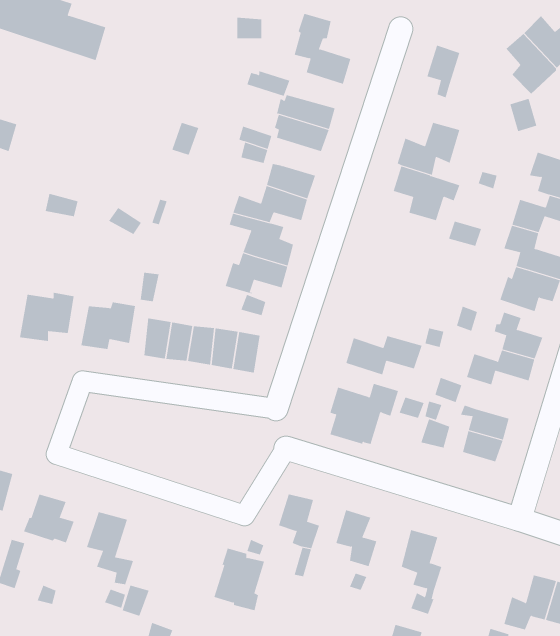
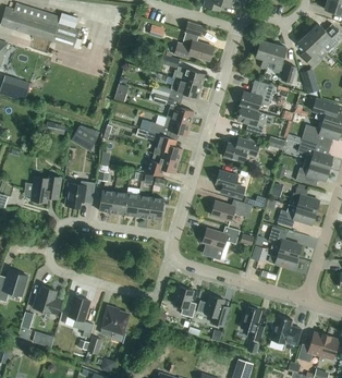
building: none -> [268,44,296,83]
building: none -> [223,137,259,162]
building: none -> [215,170,245,199]
building: none -> [270,316,302,344]
building: [213,548,265,611] -> [100,306,129,341]

